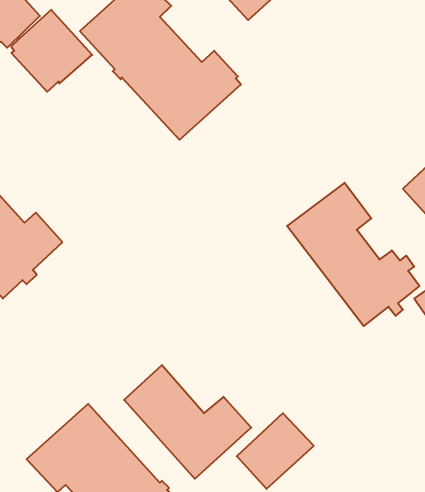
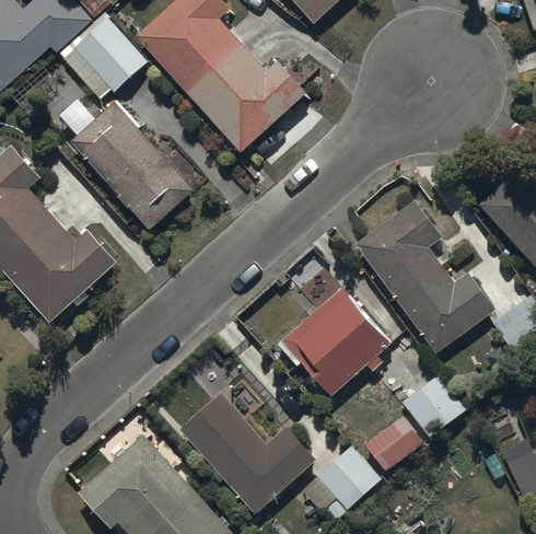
building: none -> [69,98,193,230]
building: none -> [281,265,389,396]
building: none -> [400,373,466,439]
building: none -> [362,414,422,472]

